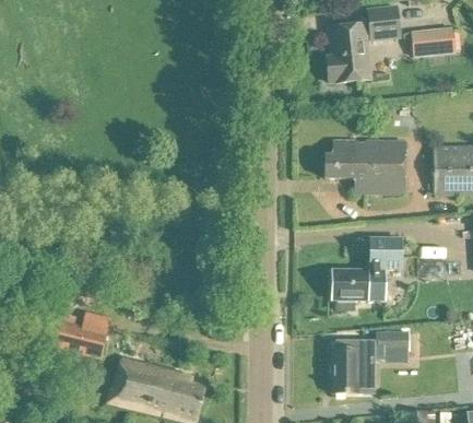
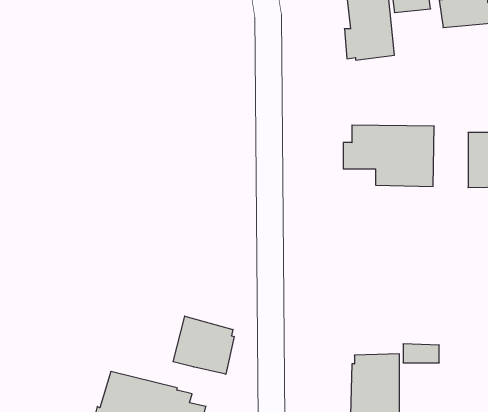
building: [332,236,403,309] -> none
building: none -> [173,316,234,374]
building: [51,318,108,359] -> none

